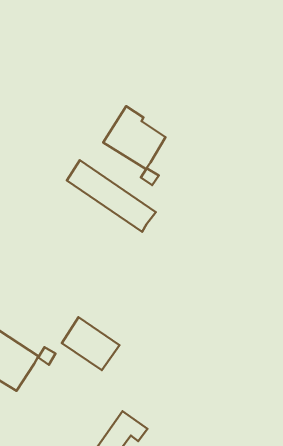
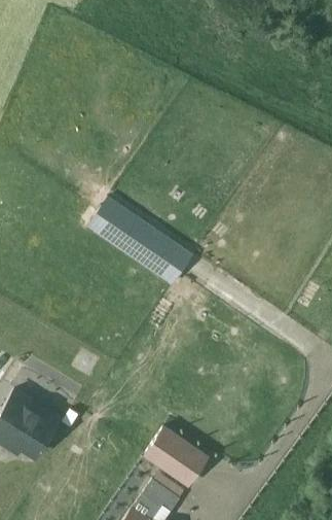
building: [103,106,166,185] -> none
building: [62,317,120,370] -> [146,426,210,485]

